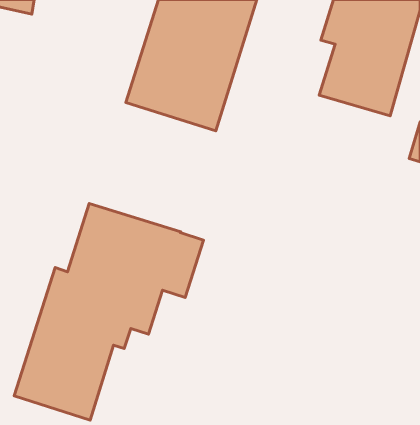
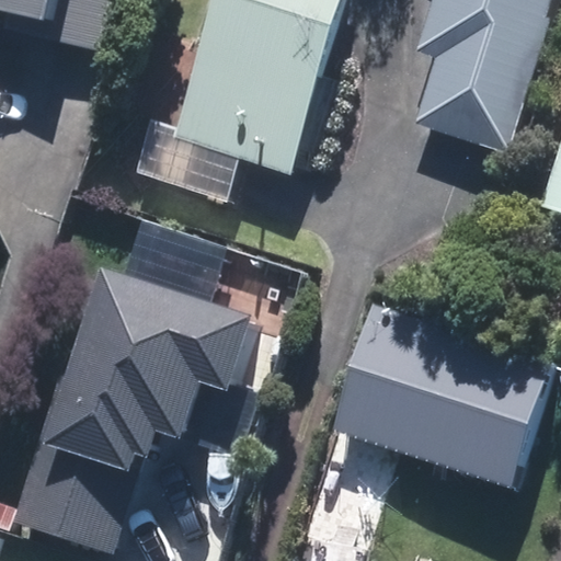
building: none -> [323,305,542,488]

